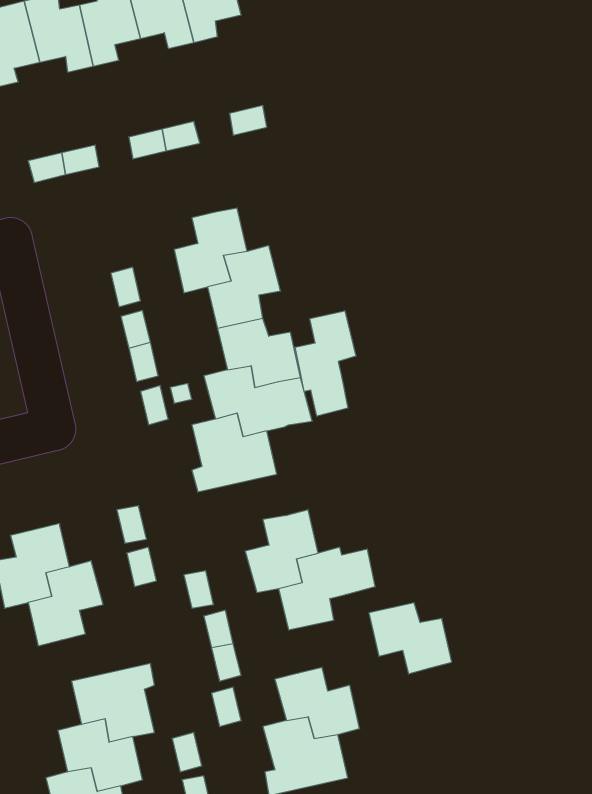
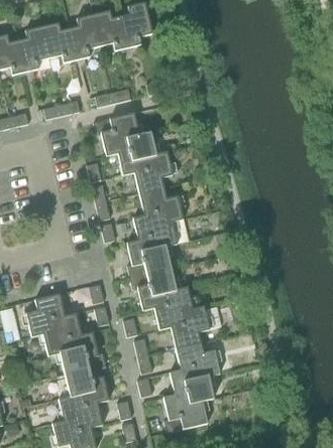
building: none -> [93,112,139,156]
building: [295,311,356,416] -> none
building: none -> [130,268,176,309]
building: none -> [61,332,106,374]
building: [369,603,452,674] -> [177,342,219,379]

